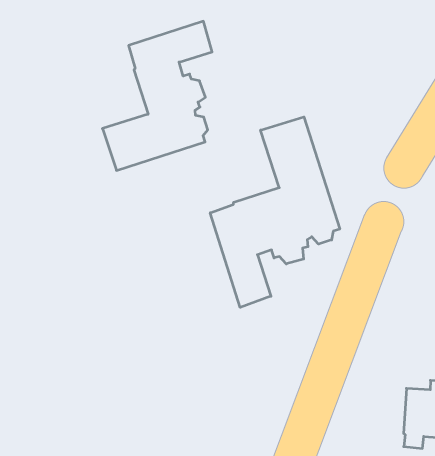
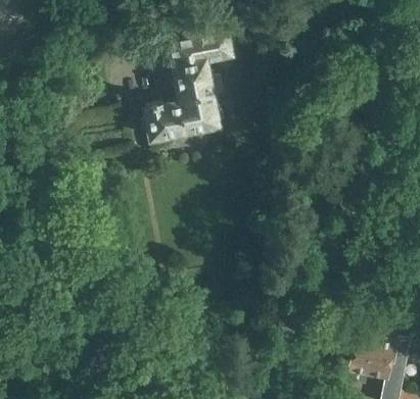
building: [210,117,340,307] -> none

